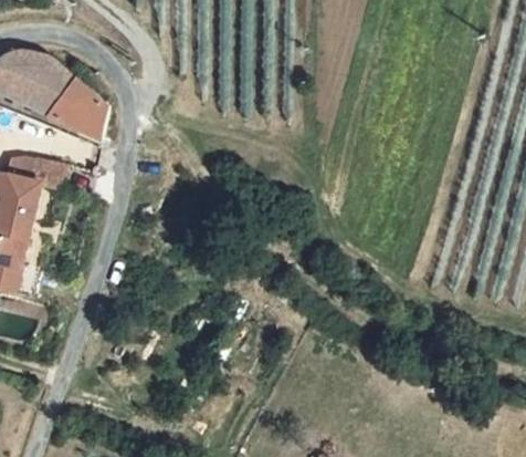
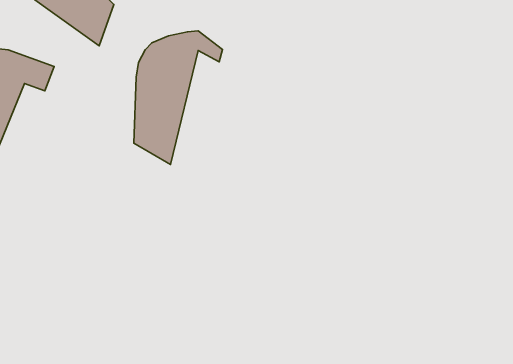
building: none -> [134,31,223,164]

